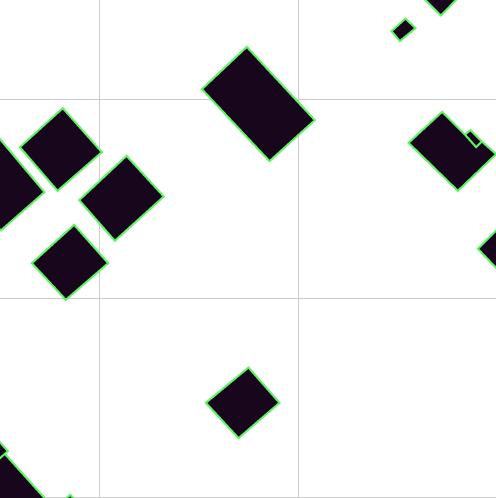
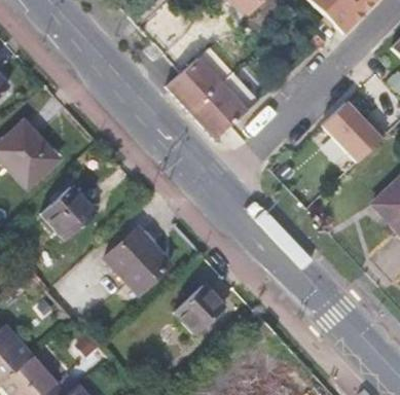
building: [20,108,102,191] -> none
building: [79,156,164,241] -> none
building: none -> [103,229,167,294]

